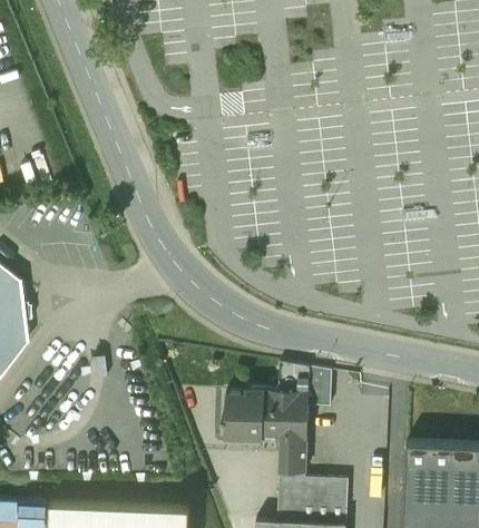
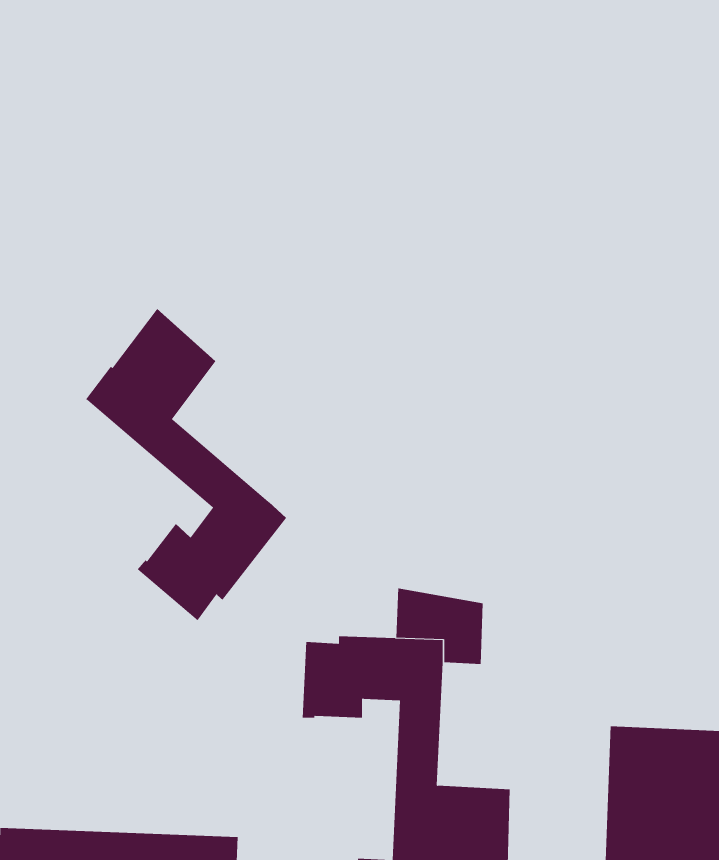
building: none -> [86,308,287,621]

